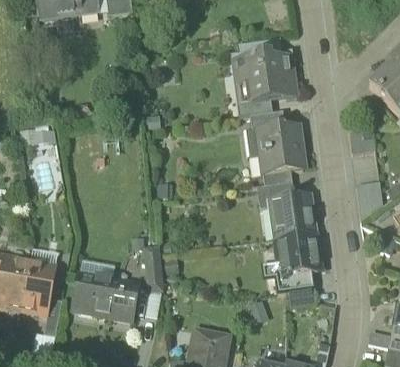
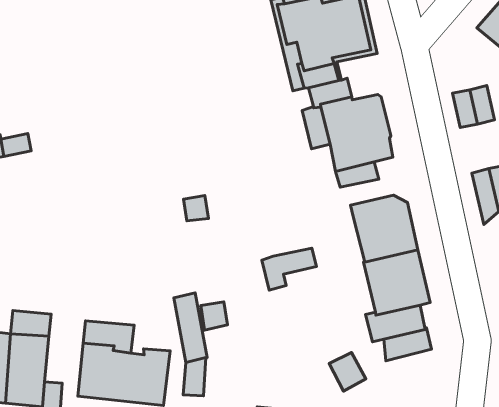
building: [257,180,294,206] -> [262,248,316,290]

